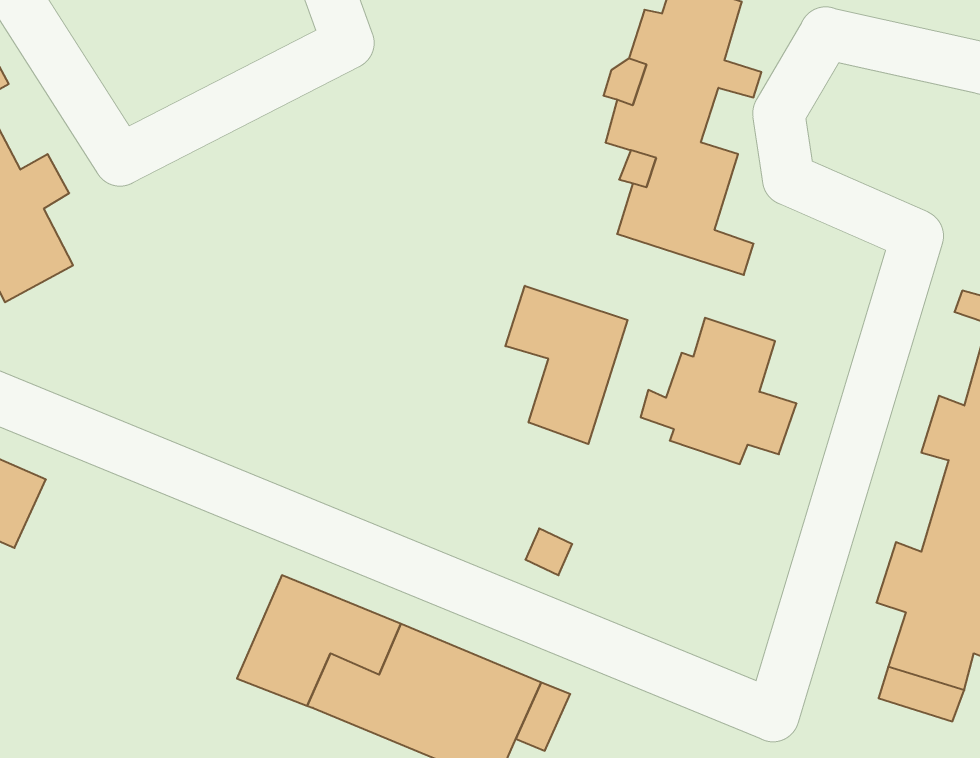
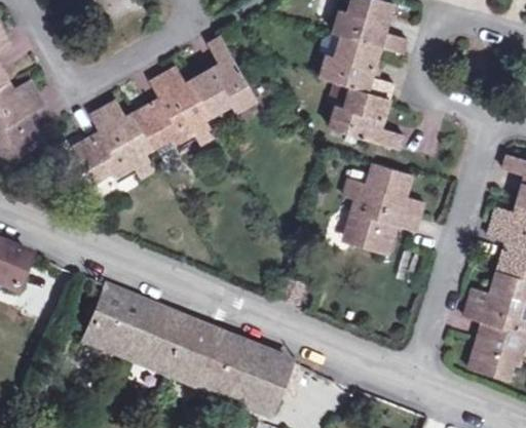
building: none -> [75,36,254,182]
building: [505,286,628,444] -> none
building: none -> [82,285,153,358]

